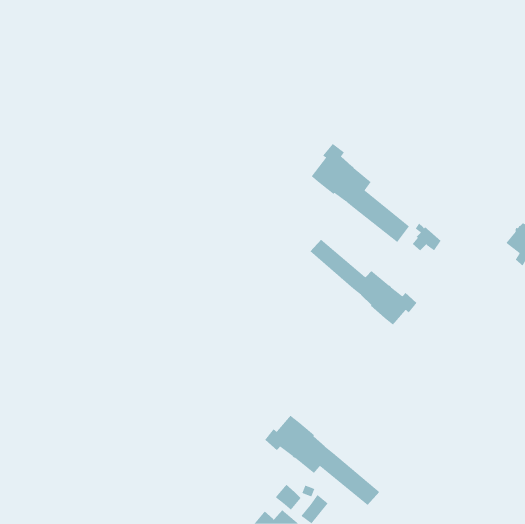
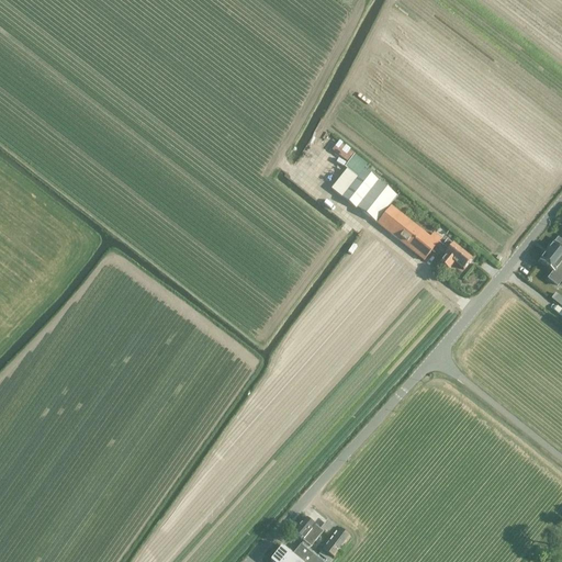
building: [309,239,417,325] -> none
building: [264,415,380,506] -> none

